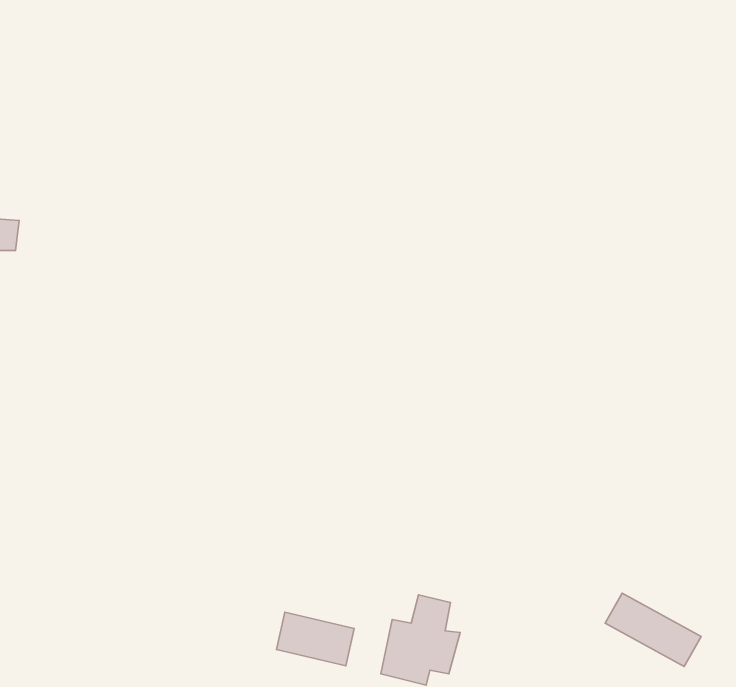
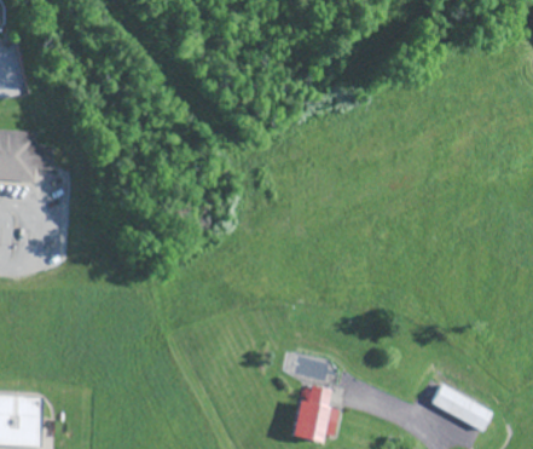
building: [276,612,354,666] -> none

